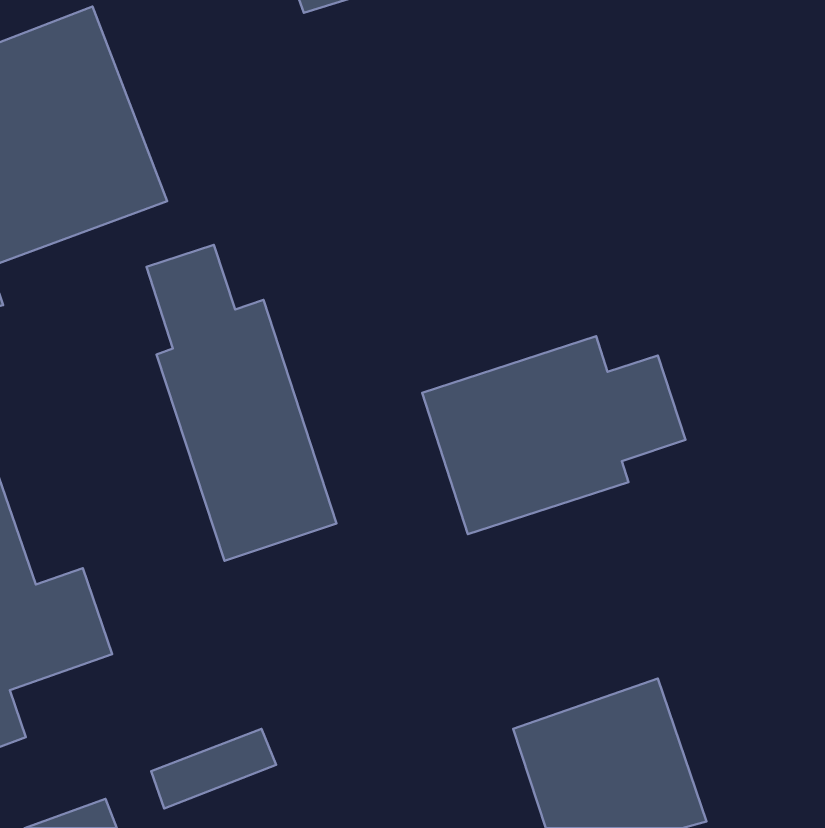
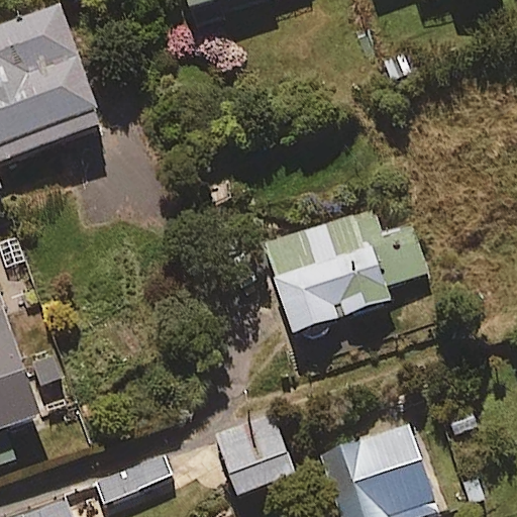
building: [147,245,336,561] -> none
building: none -> [213,413,294,495]

